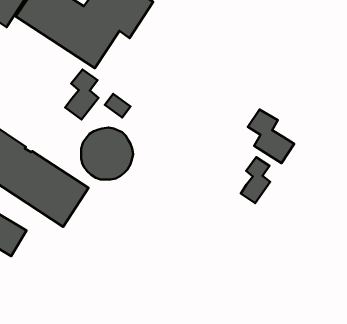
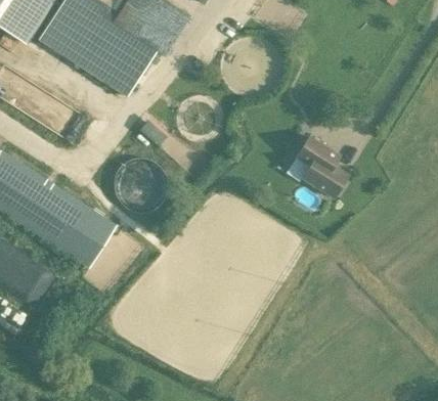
building: [65,69,98,120] -> none
building: [241,157,270,203] -> none

